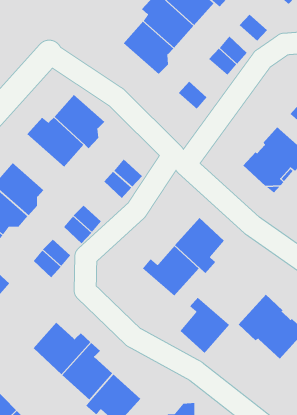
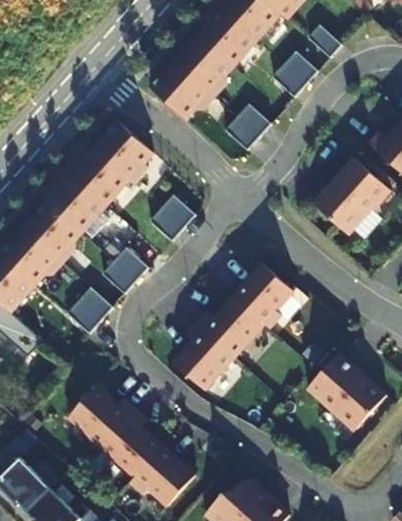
building: none -> [150,61,216,120]
building: none -> [44,167,106,232]
building: [180,297,230,354] -> [175,324,234,390]

